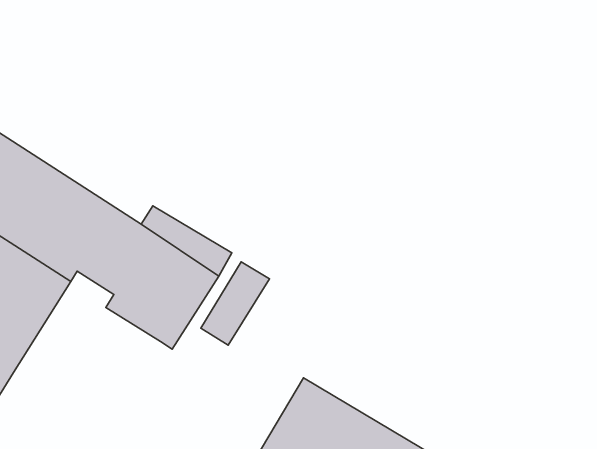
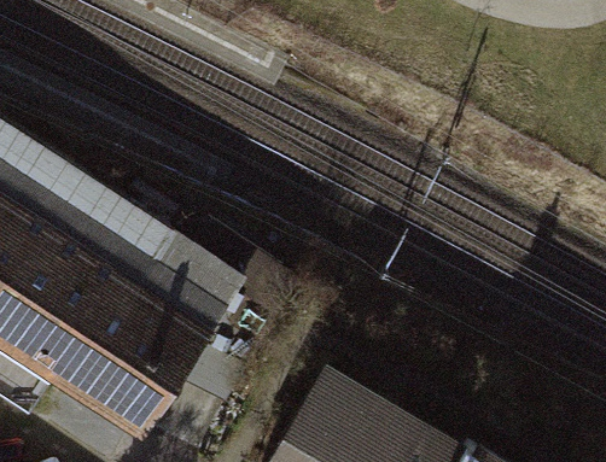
building: none -> [51,279,187,426]

